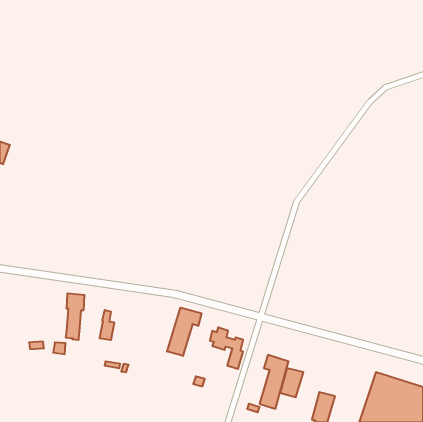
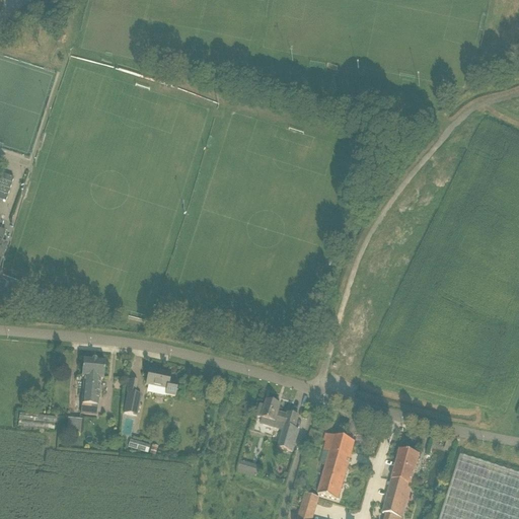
building: none -> [145,370,176,395]
building: [167,308,202,356] -> none
building: [280,368,303,397] -> [390,449,419,485]

